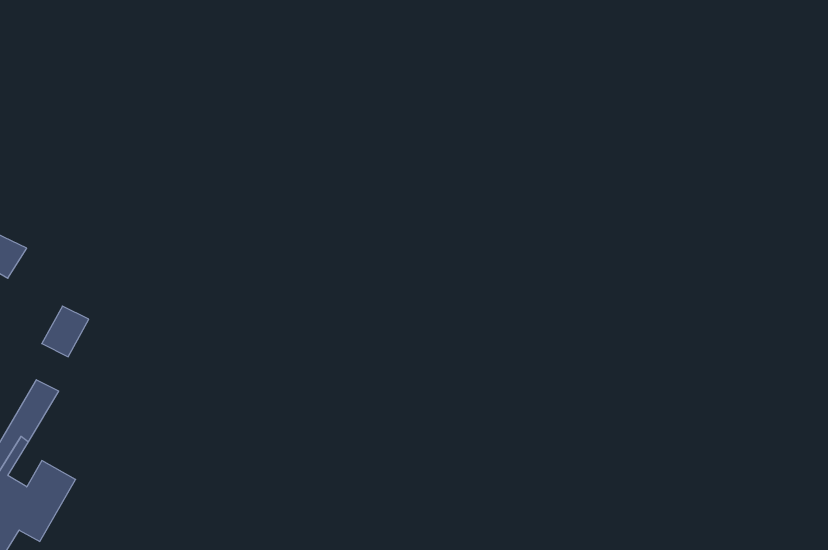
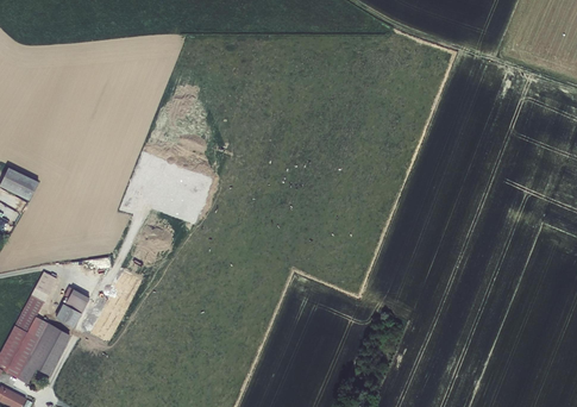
building: [42,306,89,357] -> [59,290,89,323]

